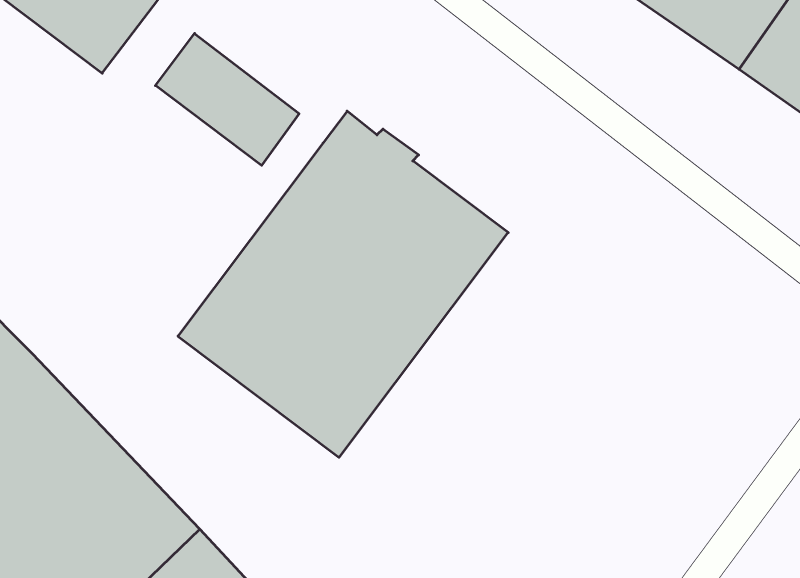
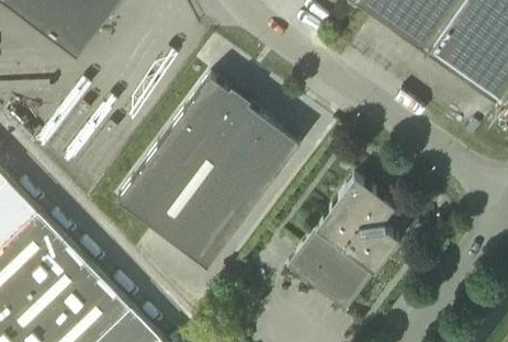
building: [155,33,299,165] -> none
building: none -> [287,178,399,311]

